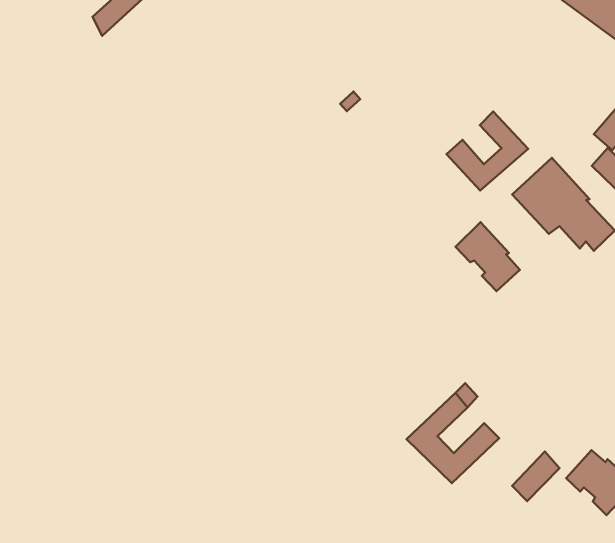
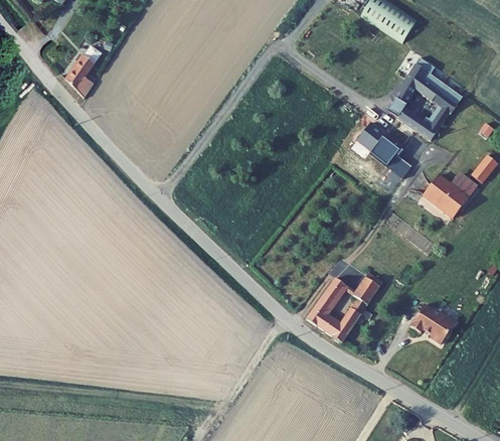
building: [446,111,528,191] -> none
building: [455,222,520,291] -> none
building: [512,451,560,501] -> [354,273,382,306]

